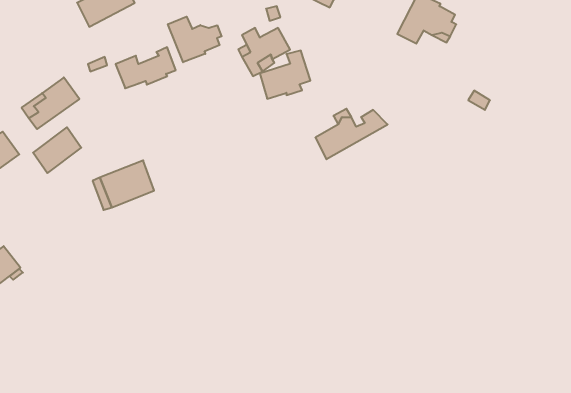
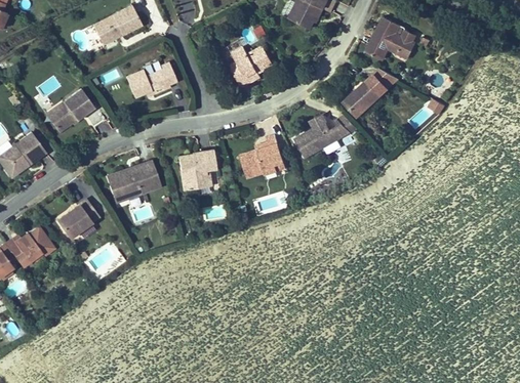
building: [168,17,222,62] -> none
building: [260,51,310,99] -> [241,136,284,177]
building: none -> [344,77,384,117]
building: [33,127,81,173] -> [57,198,98,237]
building: none -> [179,148,217,190]

